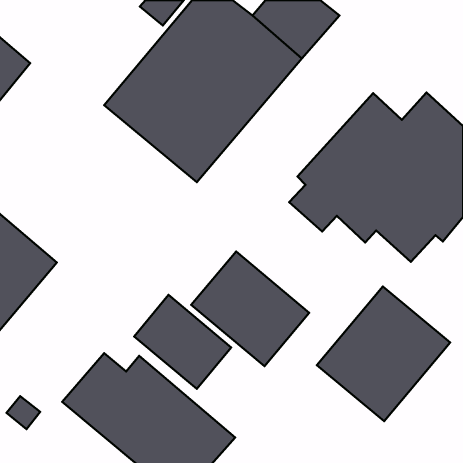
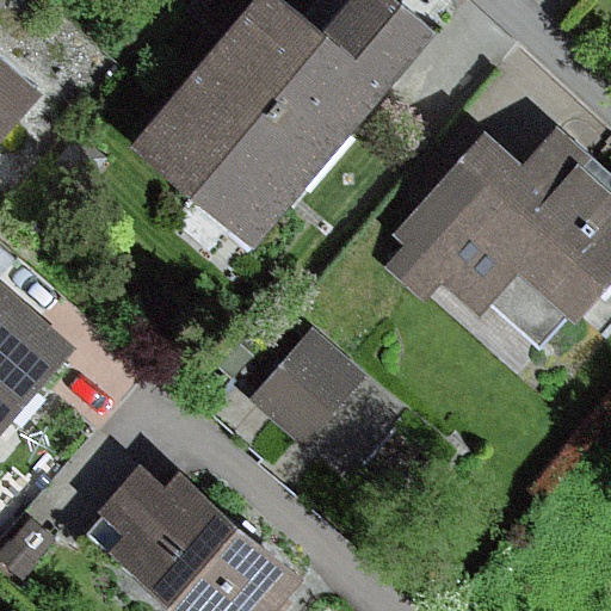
building: [317,287,450,421] -> none
building: [134,295,231,389] -> none

